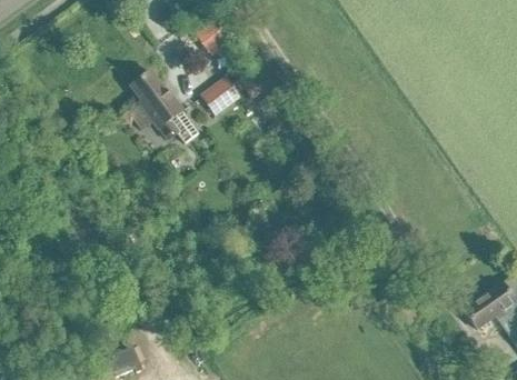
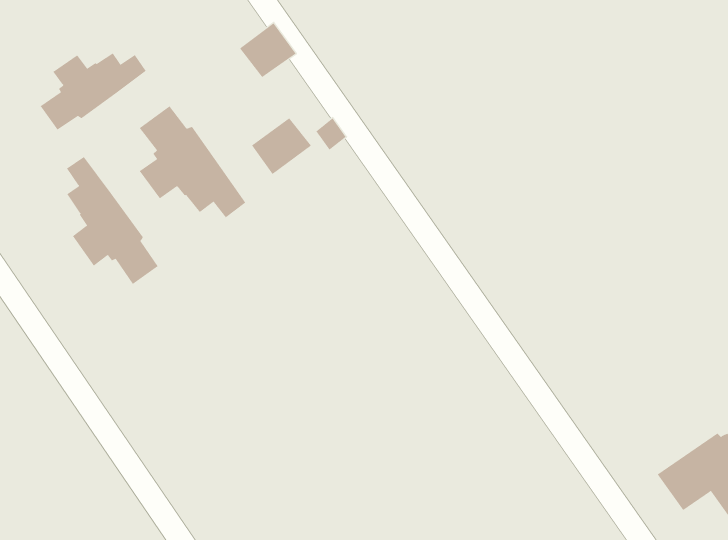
building: none -> [40,53,146,131]
building: none -> [66,156,159,285]

